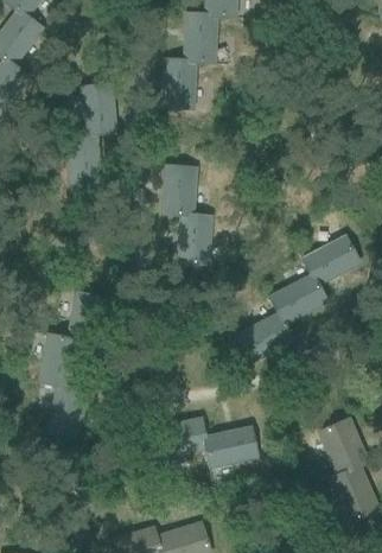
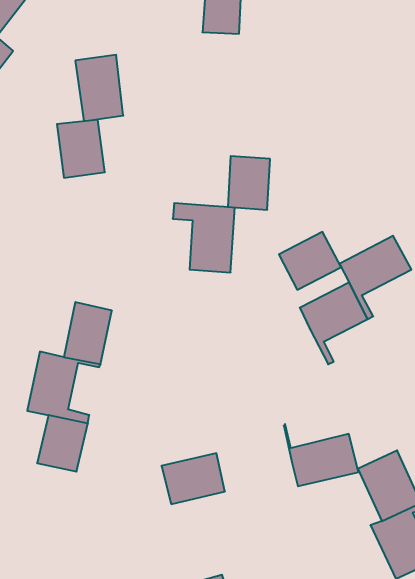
building: [168,62,196,110] -> none
building: [161,164,197,209] -> [228,156,270,210]
building: [238,312,291,361] -> [279,232,341,290]
building: [197,415,260,468] -> [284,424,359,486]

